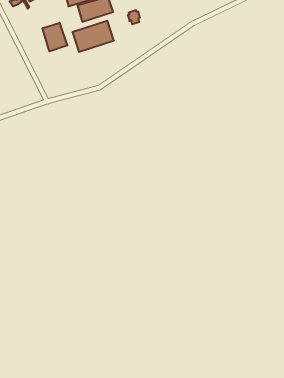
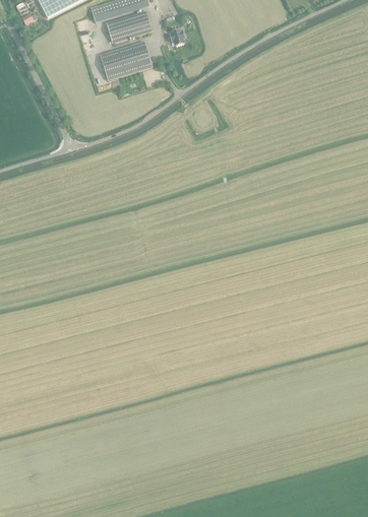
building: [43,23,67,51] -> none

